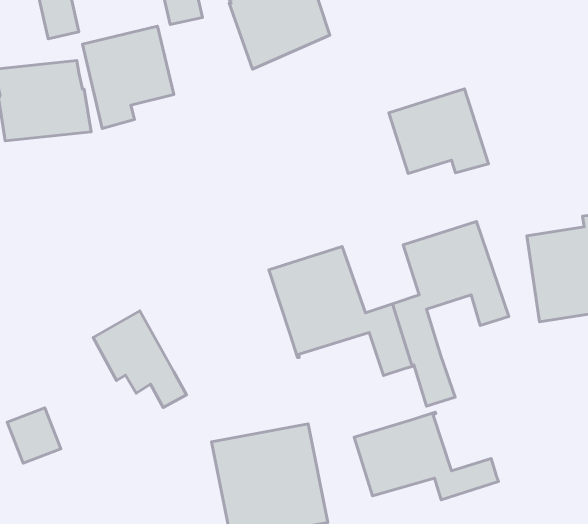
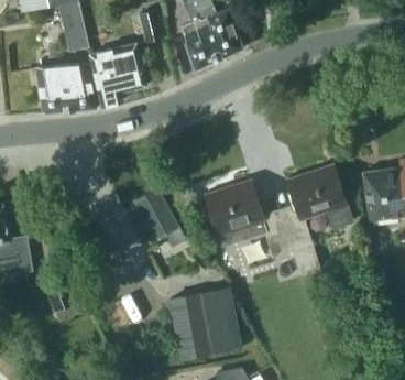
building: [389,89,488,173] -> none
building: [93,311,186,408] -> [128,186,185,246]
building: [354,412,499,500] -> none

